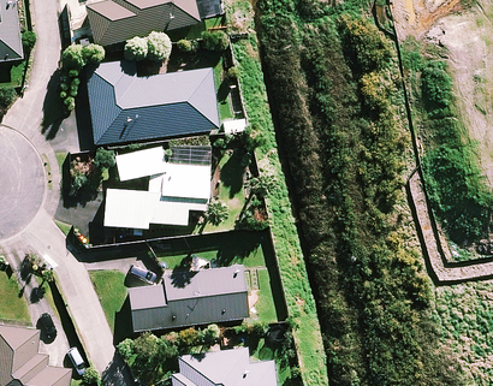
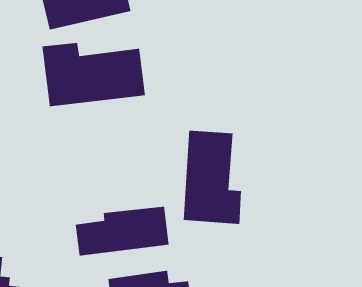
building: [103,144,210,228] -> none
building: none -> [183,130,242,225]

